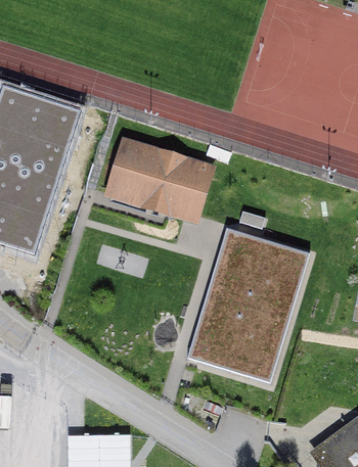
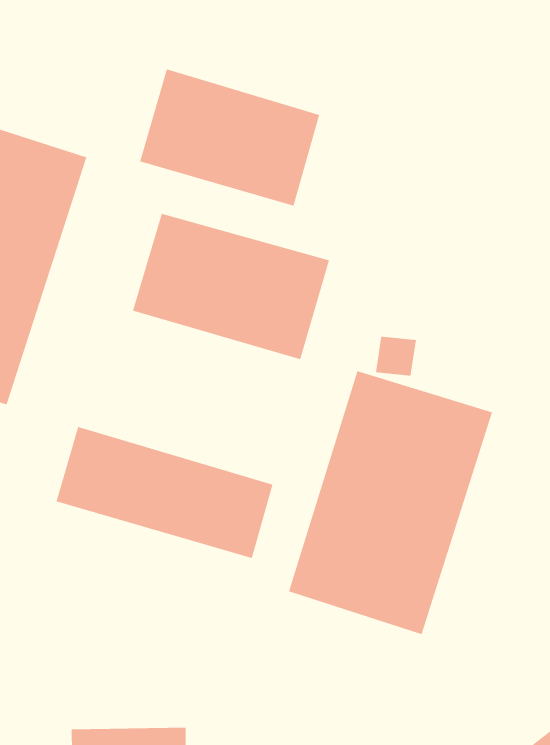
building: none -> [140,68,320,206]
building: none -> [56,426,273,559]

